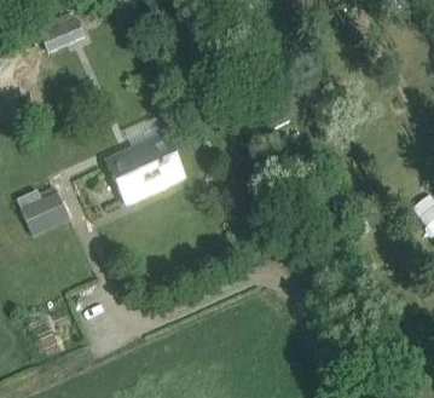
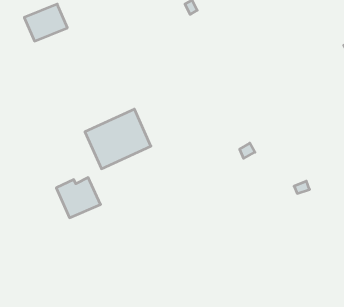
building: [16,185,68,232] -> [56,178,101,218]

